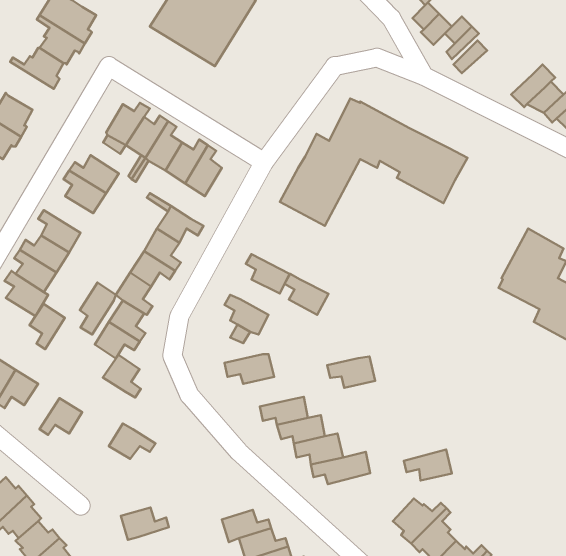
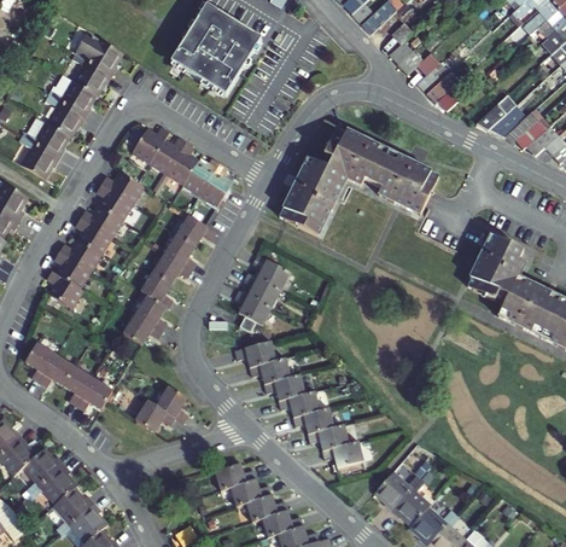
building: none -> [46,92,87,134]
building: none -> [78,206,121,238]
building: [285,274,328,315] -> [243,273,280,308]
building: [80,282,116,334] -> none
building: [30,304,65,349] -> [62,367,92,406]
building: [103,355,141,397] -> [154,386,187,423]
building: [327,357,375,388] -> [249,360,290,386]
building: [404,449,452,481] -> [321,443,362,470]
building: [121,507,169,540] -> [216,458,257,485]

